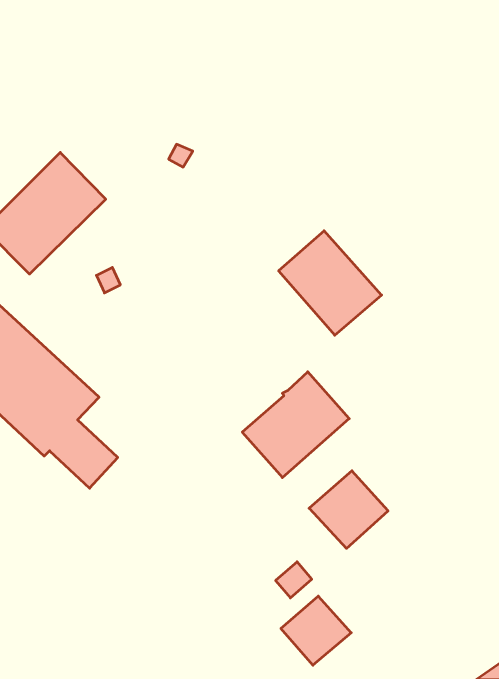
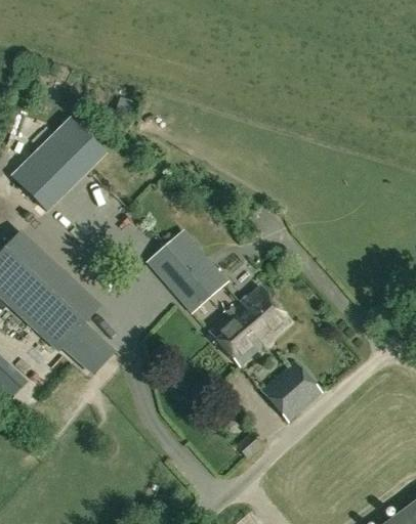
building: [279,231,382,335] -> [148,231,226,311]
building: [281,596,351,665] -> none

